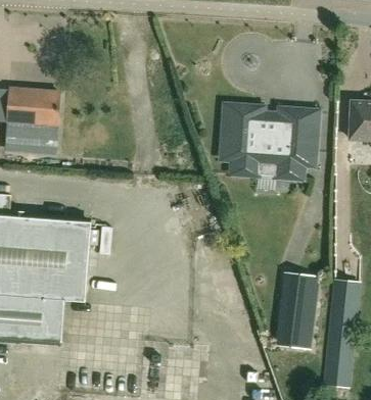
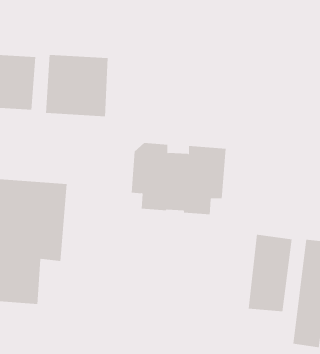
building: none -> [45,54,108,117]
building: [221,105,318,179] -> [131,142,227,215]

